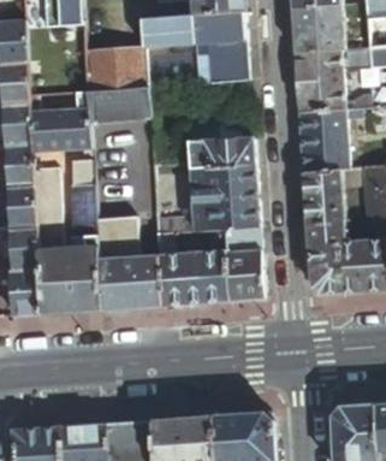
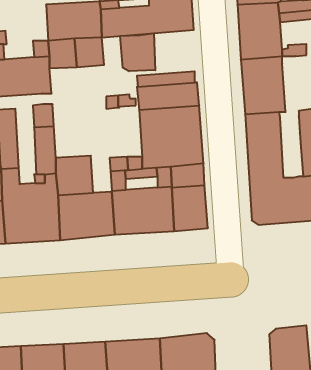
building: none -> [120,33,155,71]

